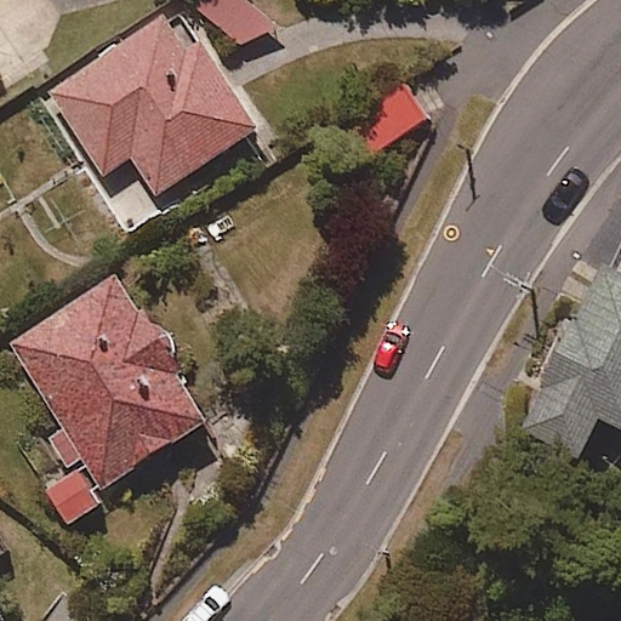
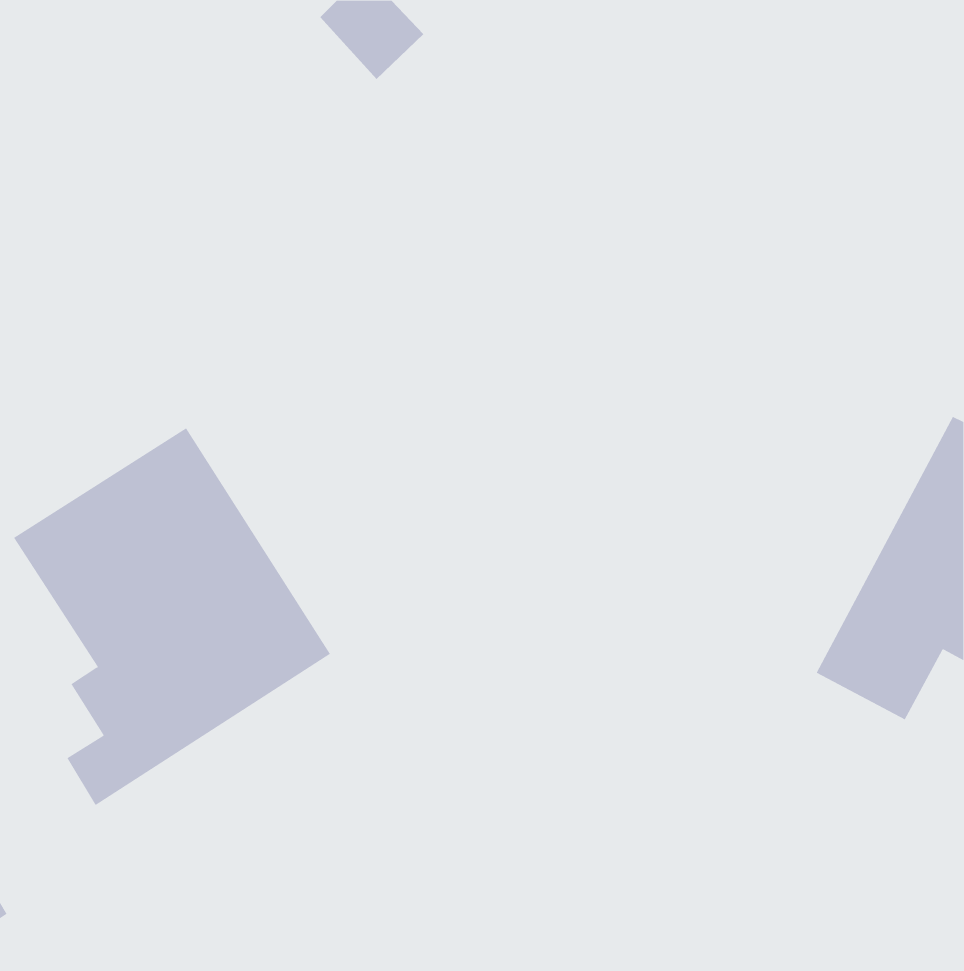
building: [46,12,261,194] -> none

